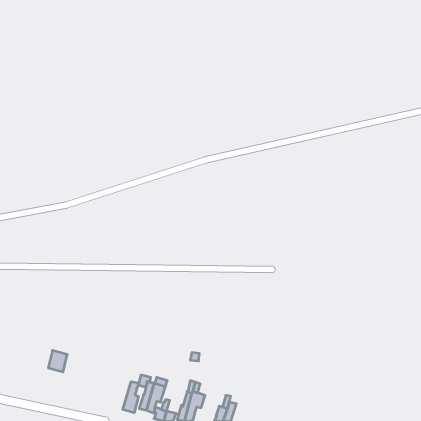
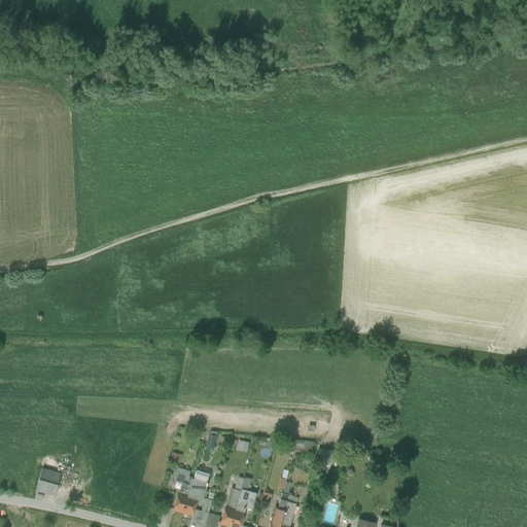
building: [48,350,67,372] -> [36,469,60,496]
building: [123,382,139,413] -> none

